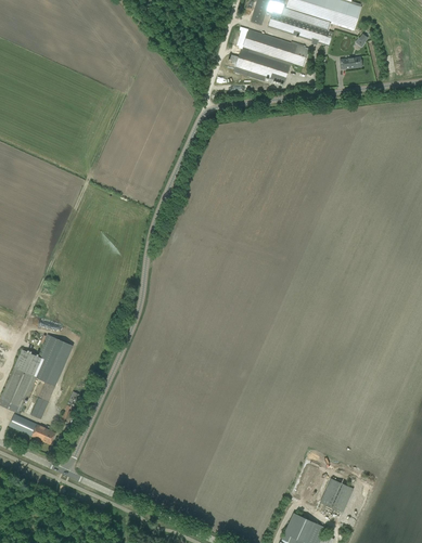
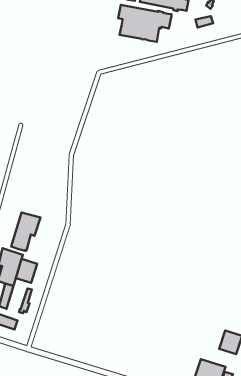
building: none -> [11,212,40,251]
building: none -> [16,259,37,283]

